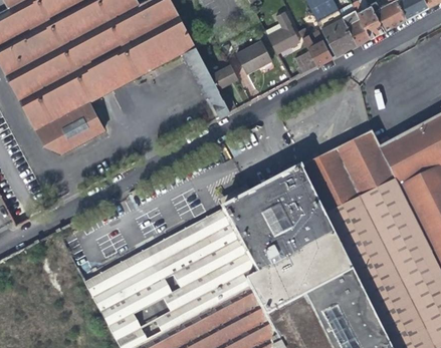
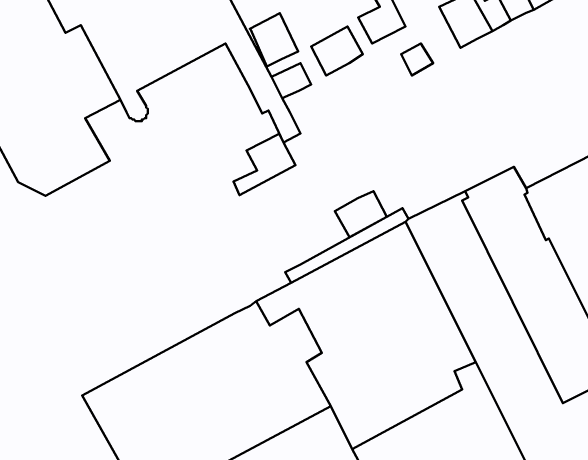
building: [297,28,332,65] -> none
building: none -> [250,13,298,66]
building: none -> [233,134,296,195]
building: none -> [335,191,387,237]

